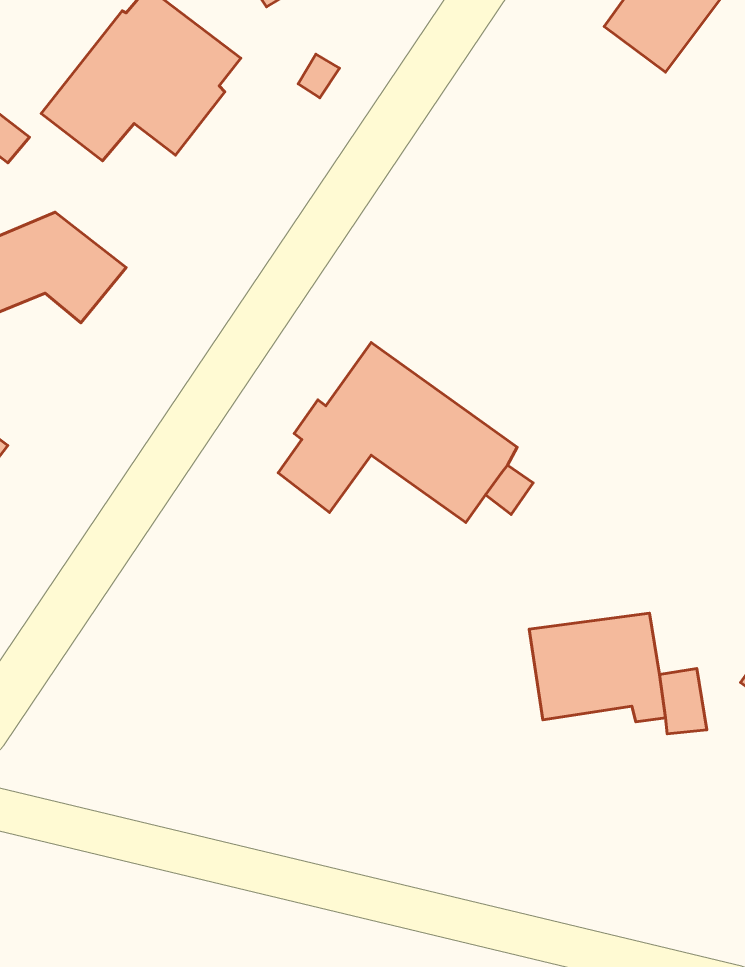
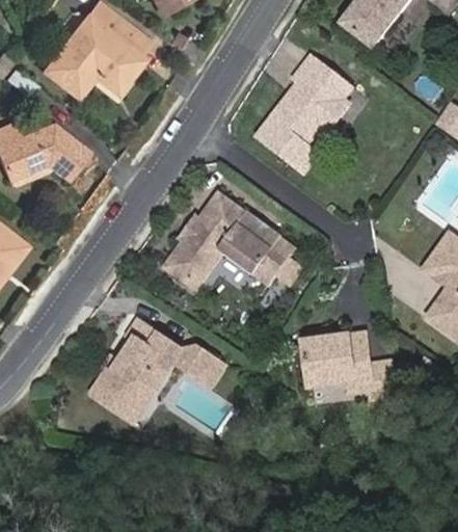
building: none -> [254,54,352,174]
building: none -> [90,319,218,415]

